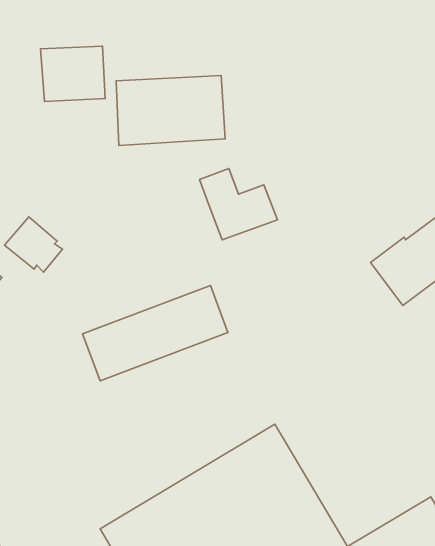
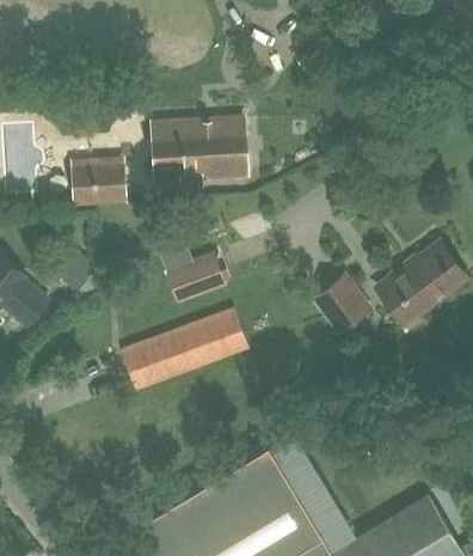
building: [41,46,105,101] -> [69,158,127,207]
building: [199,169,277,240] -> [156,239,226,303]
building: none -> [309,271,371,335]

